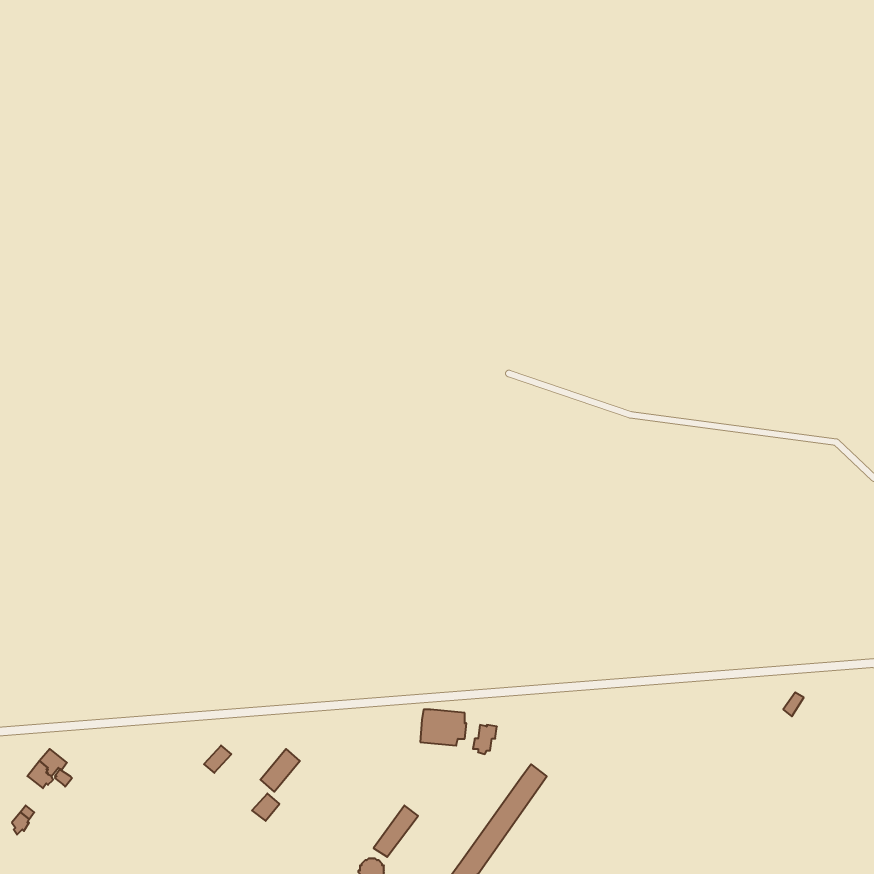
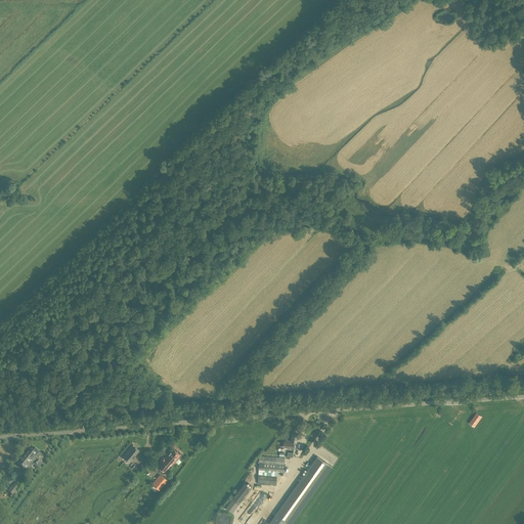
building: [420,710,466,746] -> [257,456,285,478]

